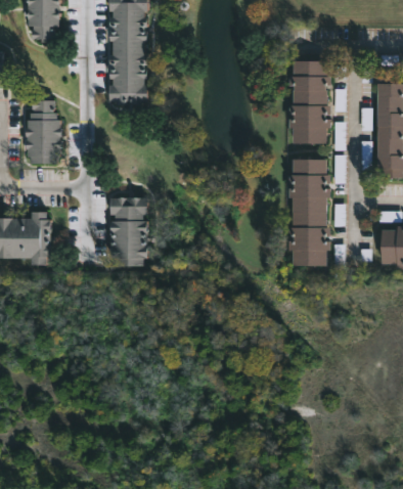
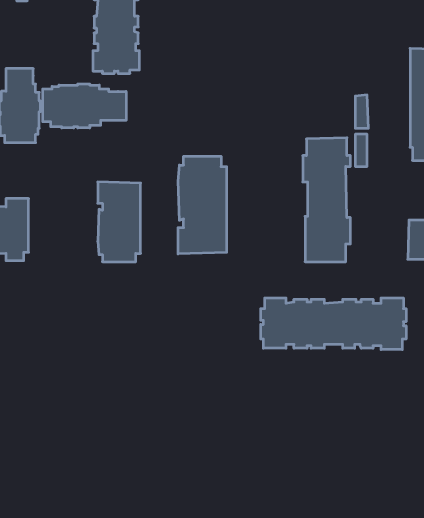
building: [287,61,329,144] -> none
building: none -> [43,84,126,128]
building: none -> [178,156,227,254]
building: none -> [261,298,406,350]

